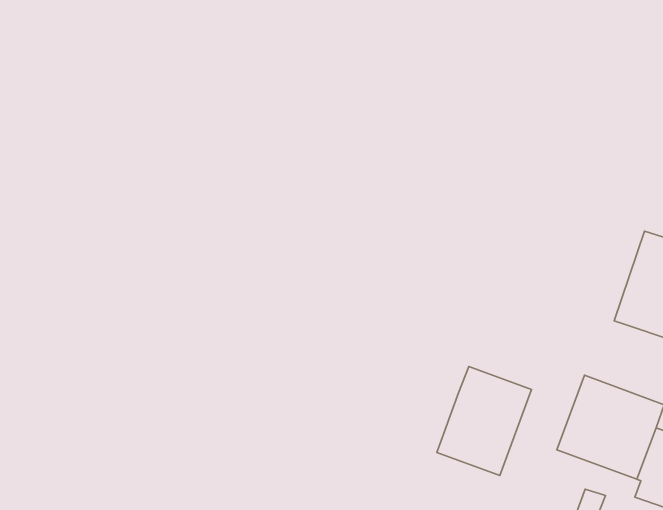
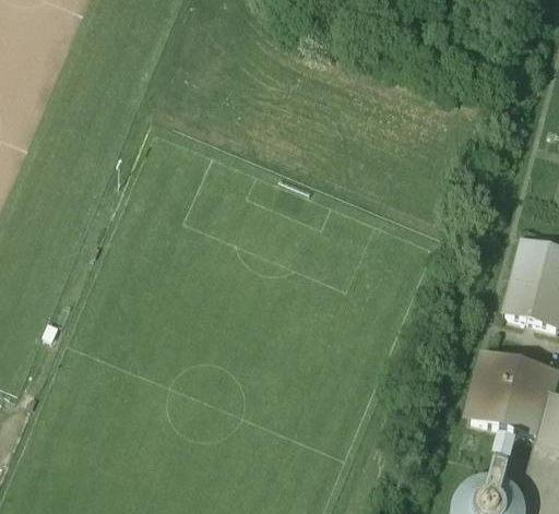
building: [437,366,532,476] -> none

